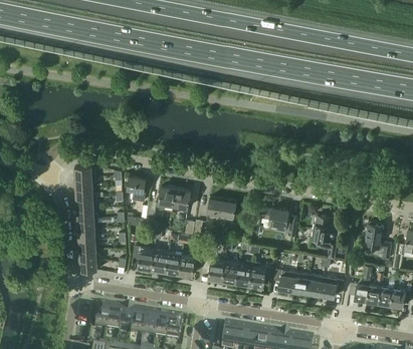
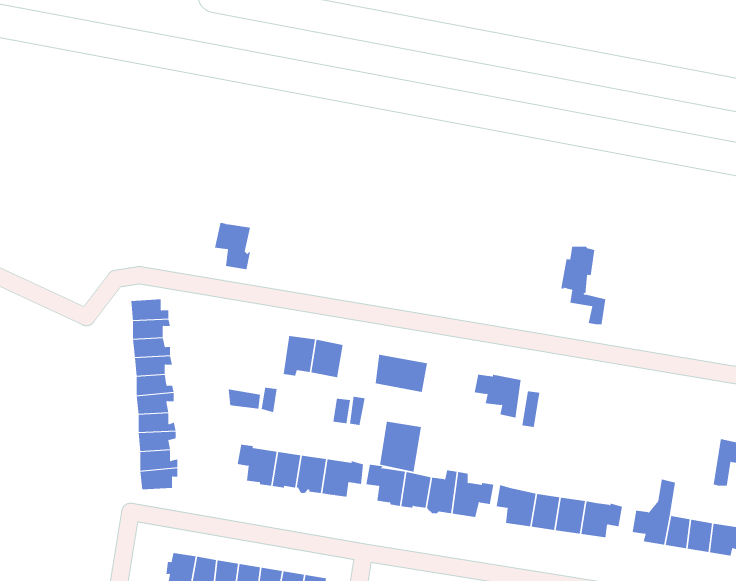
building: [126,172,146,199] -> [214,222,251,270]
building: [311,213,336,256] -> [560,246,606,325]
building: [364,219,391,257] -> none
building: none -> [380,421,421,472]

